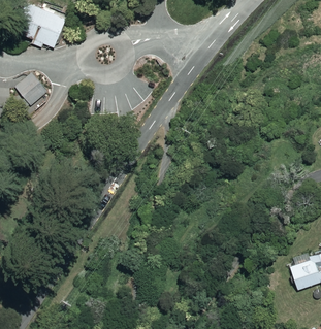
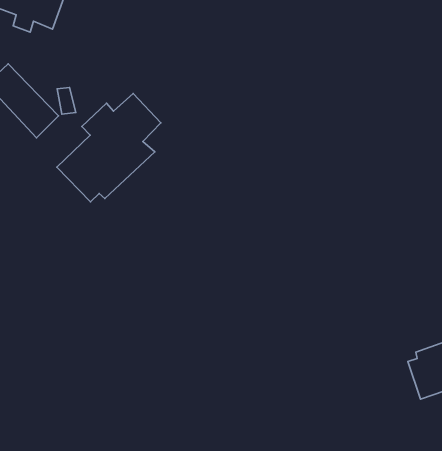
building: none -> [57,93,161,202]

